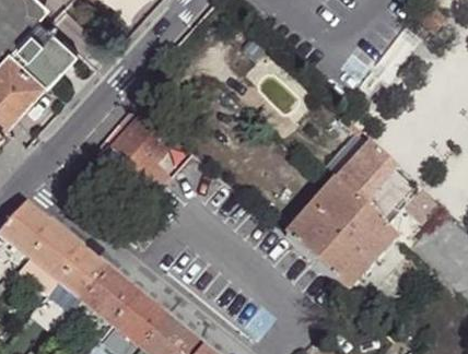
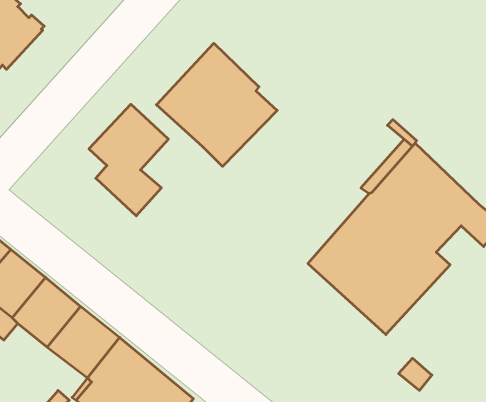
building: none -> [156,43,277,166]

